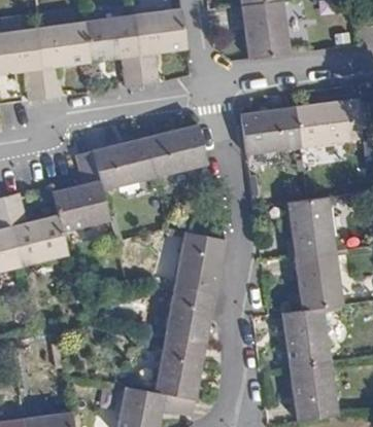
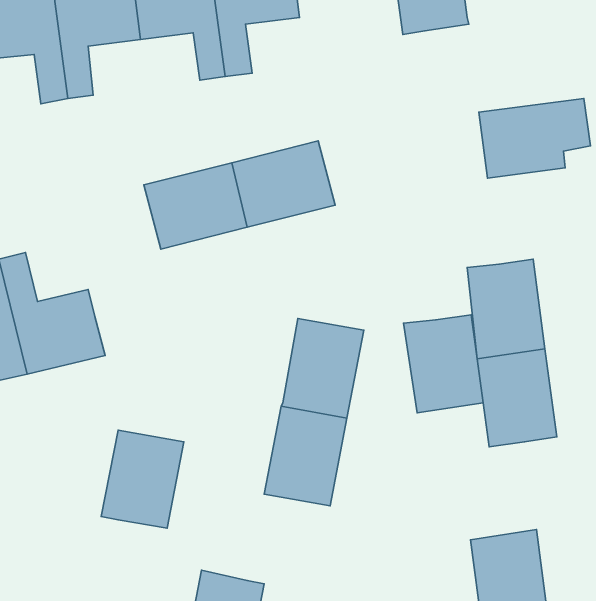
building: [240,106,300,153] -> none
building: [50,150,108,230] -> none
building: [281,307,330,366] -> [404,315,483,413]
building: [154,339,204,398] -> [101,430,184,528]

